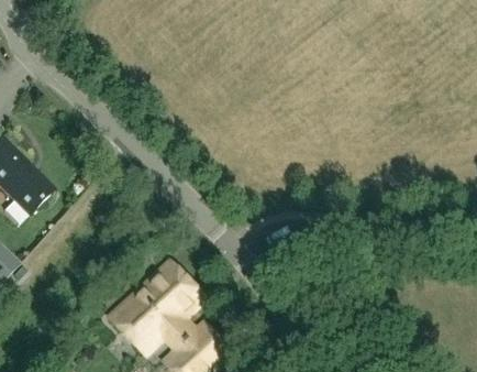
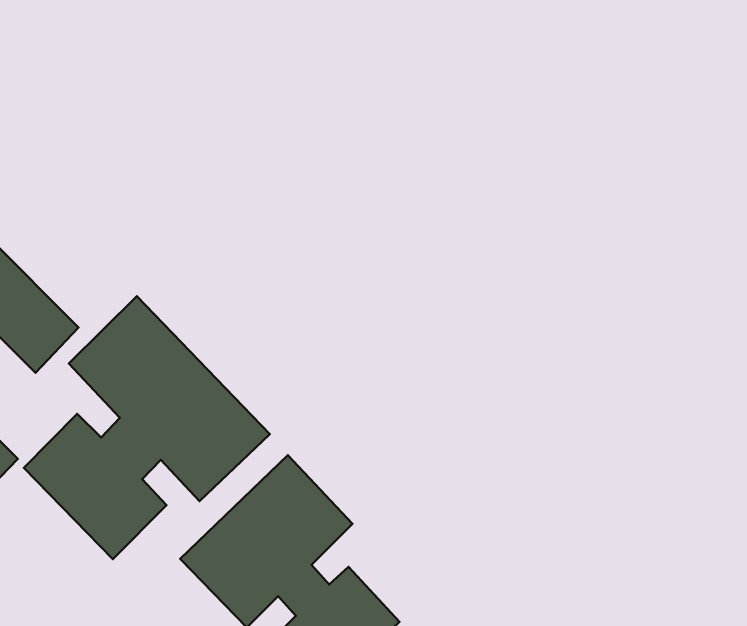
building: none -> [24,296,270,559]

